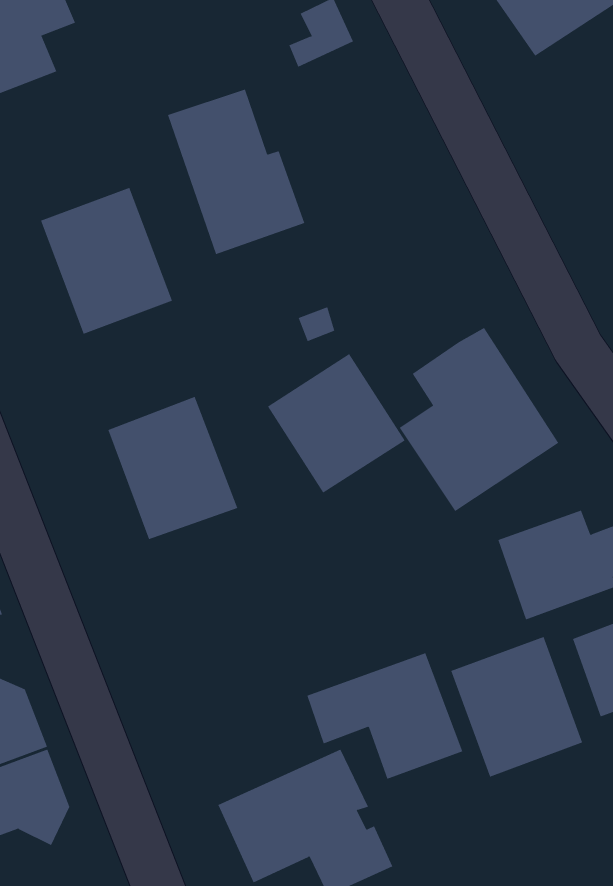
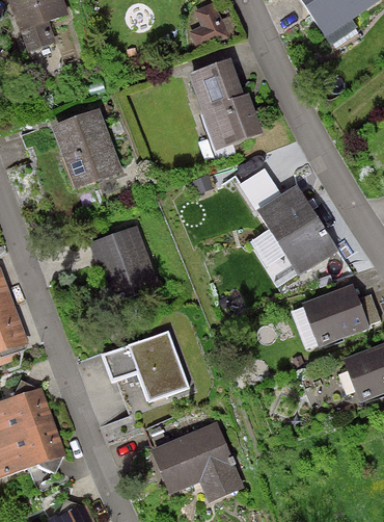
building: [167,89,305,255] -> [186,58,263,151]
building: none -> [238,166,281,211]
building: [267,353,405,494] -> none
building: [450,636,583,777] -> none
building: [306,653,463,779] -> [100,331,187,401]

